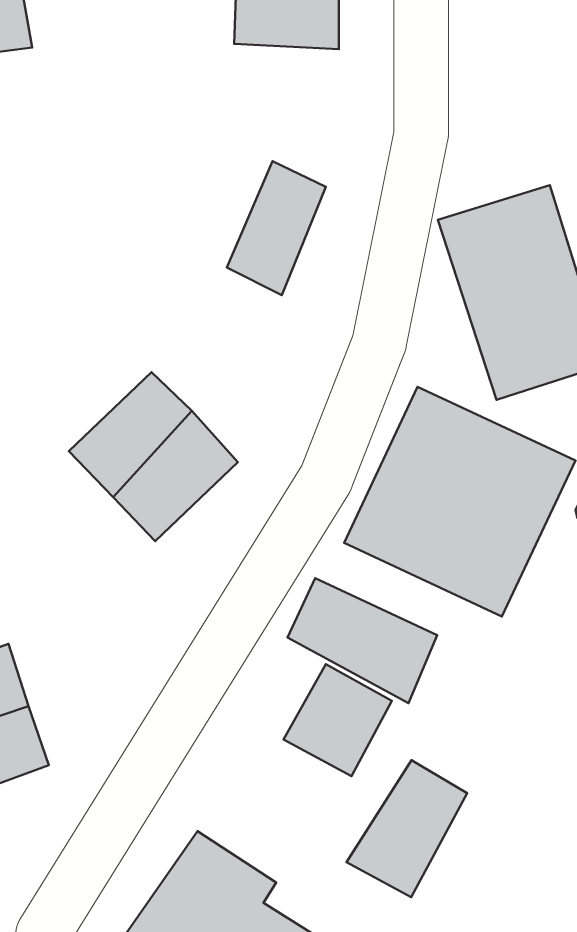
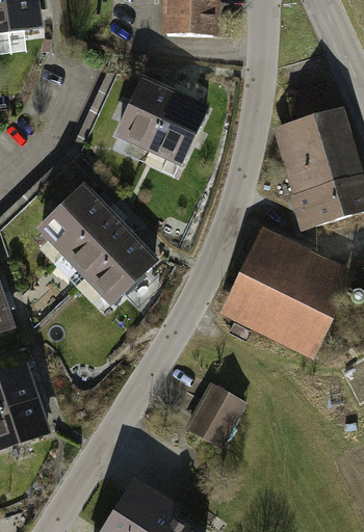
building: none -> [123,79,179,154]
building: none -> [40,186,110,258]
building: [287,578,437,703] -> none
building: [347,760,467,897] -> none

